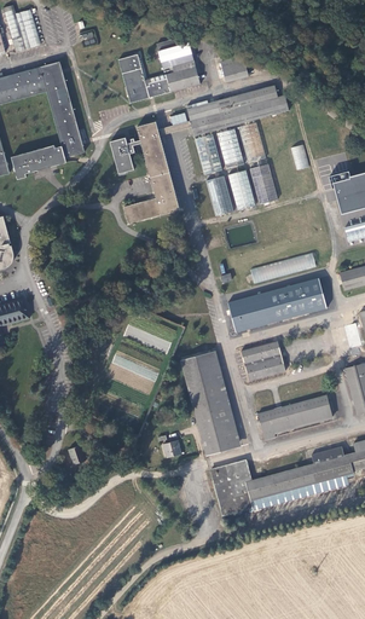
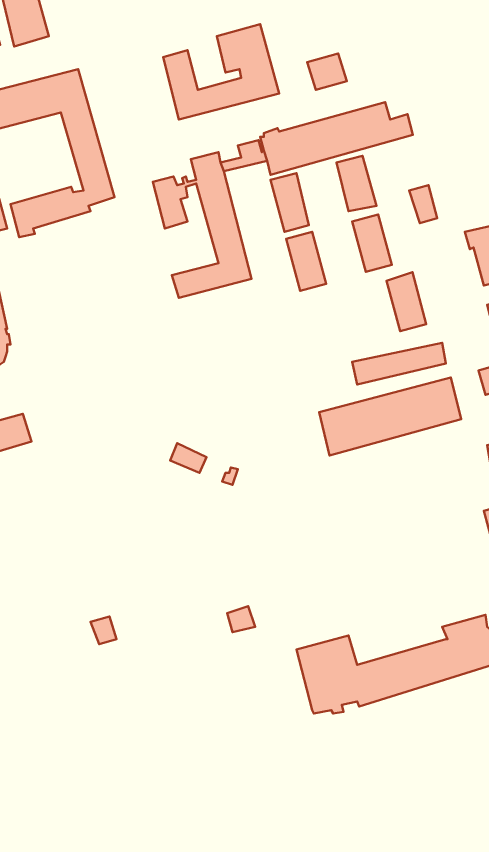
building: [215,128,242,169] -> none
building: [226,169,254,210] -> [386,272,426,331]
building: [239,341,283,381] -> none
building: [179,351,241,455] -> none
building: [256,393,336,442] -> none

